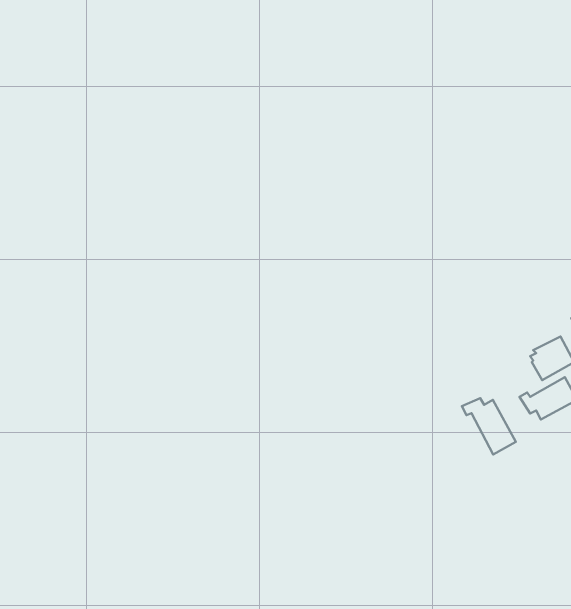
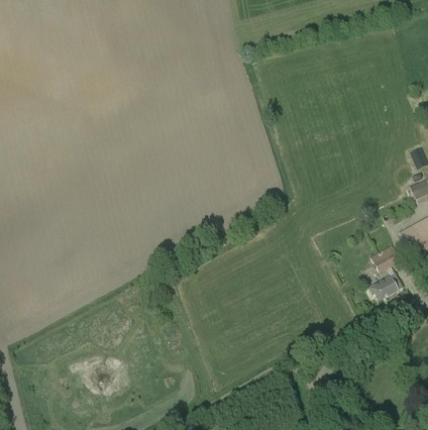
building: [462,398,516,454] -> none

